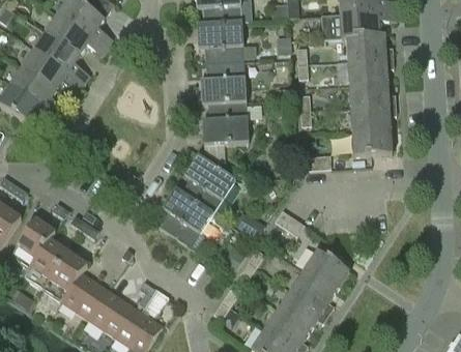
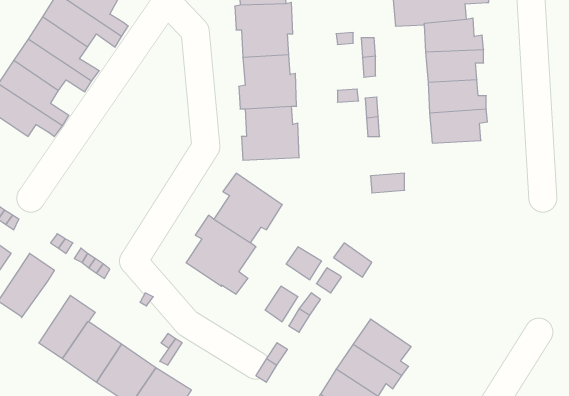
building: [352,128,392,154] -> none
building: [24,239,67,288] -> none
building: [304,248,349,291] -> none

